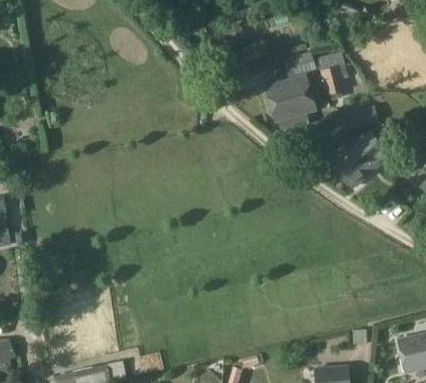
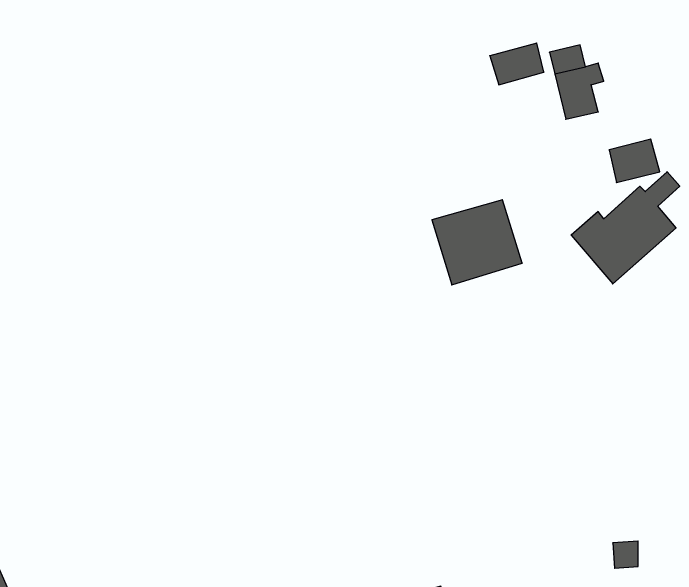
building: [265,77,315,124] -> [432,200,522,285]

